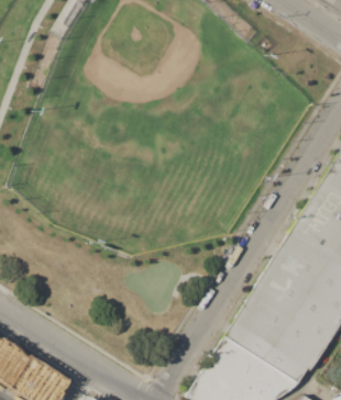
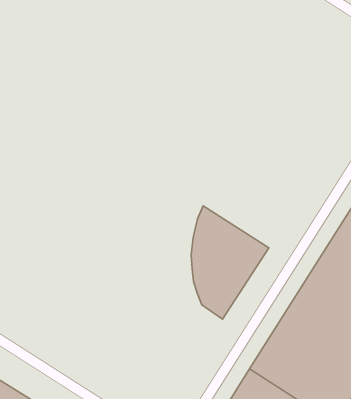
building: none -> [191,206,269,319]

